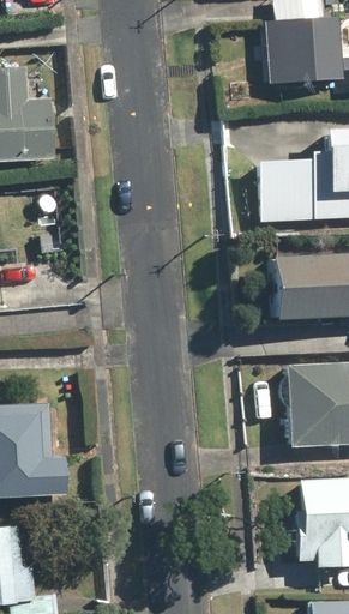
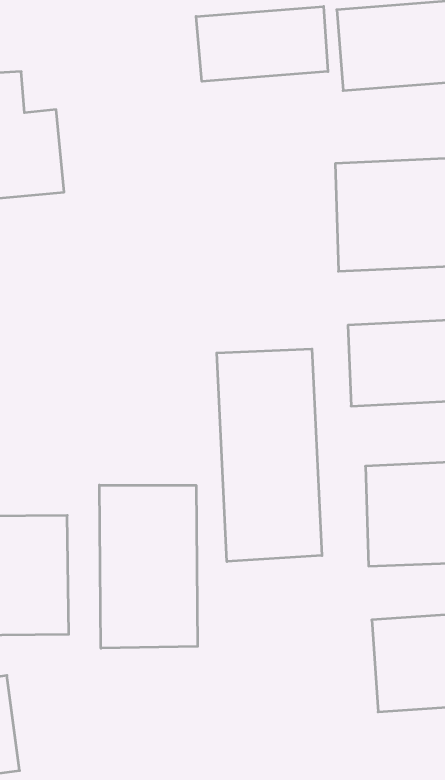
building: none -> [196,6,328,81]
building: none -> [217,349,322,562]
building: none -> [99,485,198,648]

